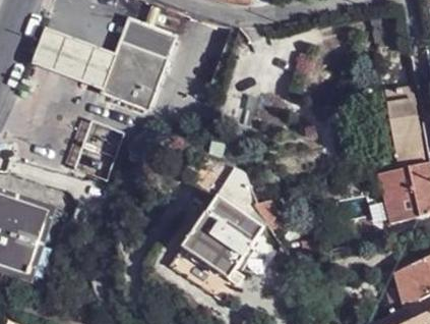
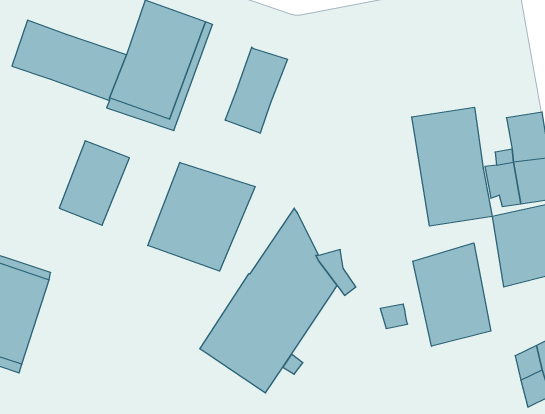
building: none -> [225,47,287,133]
building: none -> [412,107,492,226]
building: none -> [148,162,255,271]
building: none -> [413,243,491,346]

